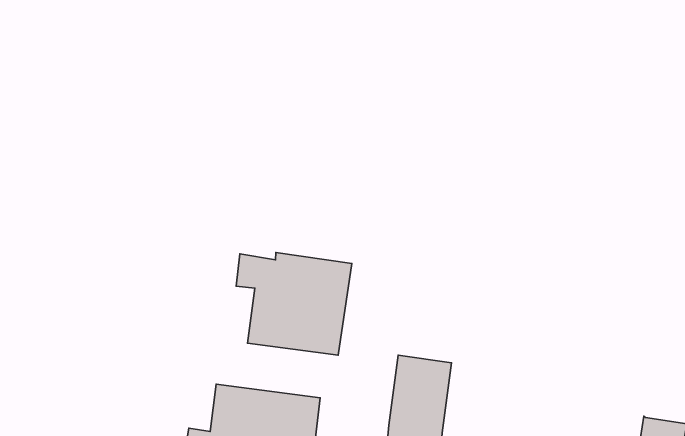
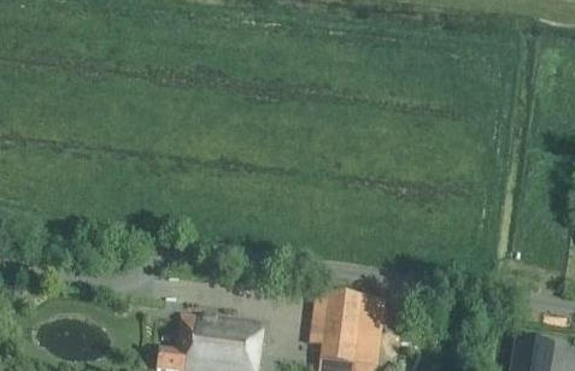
building: [236,252,352,355] -> none

